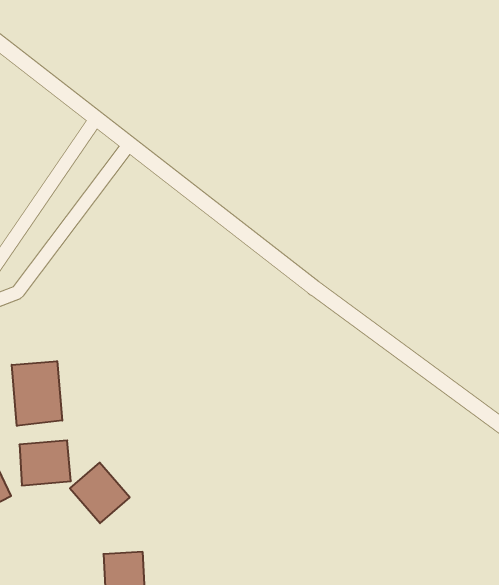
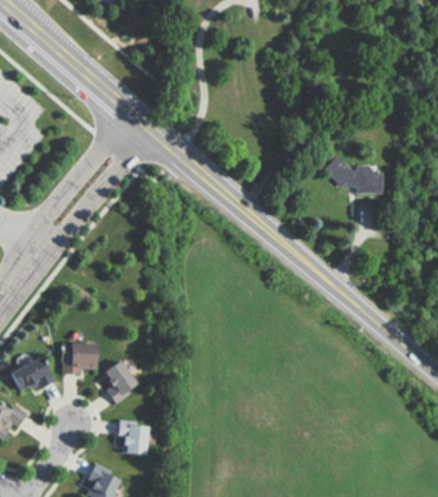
building: none -> [328,156,384,191]
building: [12,361,62,426] -> none

